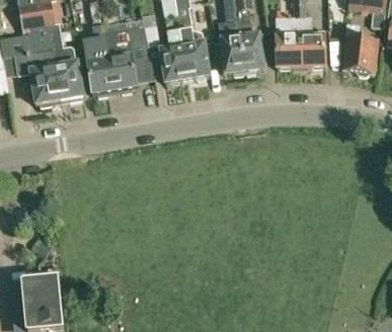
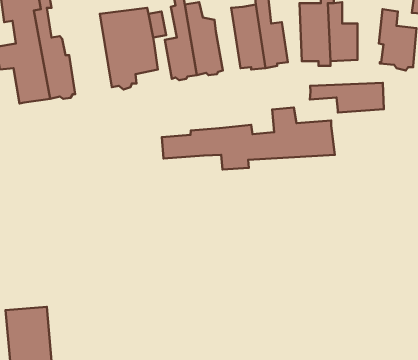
building: [88,20,114,95] -> none
building: none -> [310,83,384,113]
building: none -> [162,108,335,170]

